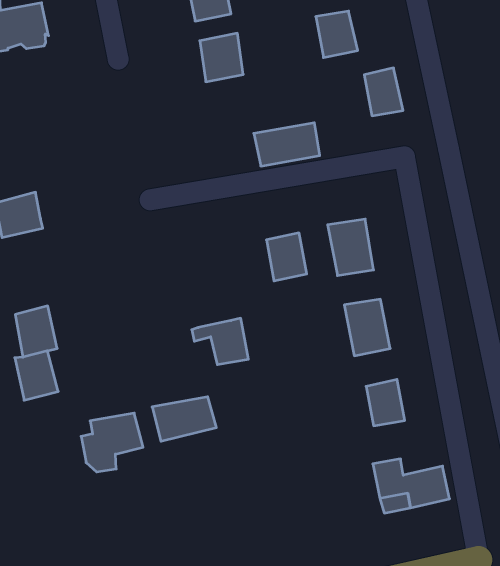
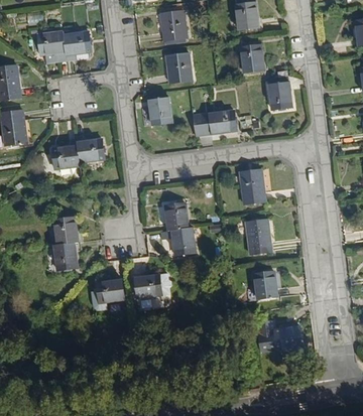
building: none -> [148,90,171,116]
building: none -> [66,134,96,159]
building: [266,233,307,281] -> [157,203,180,232]

